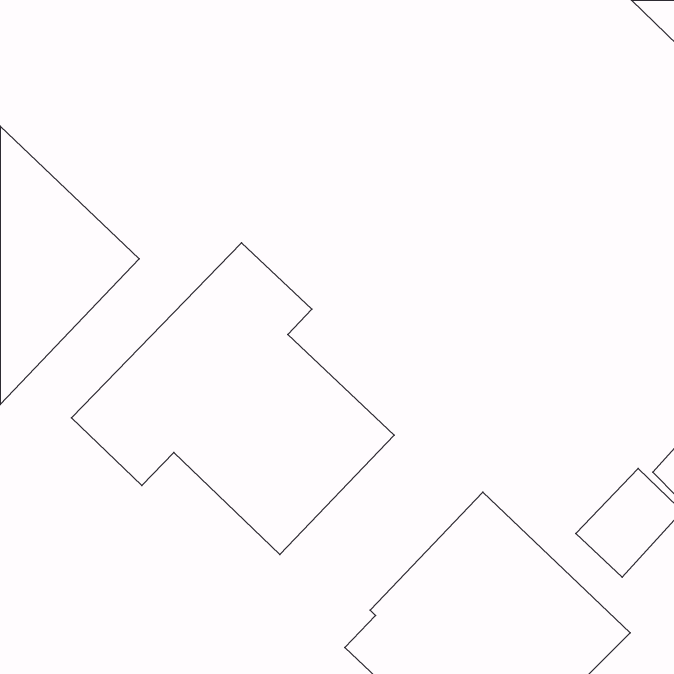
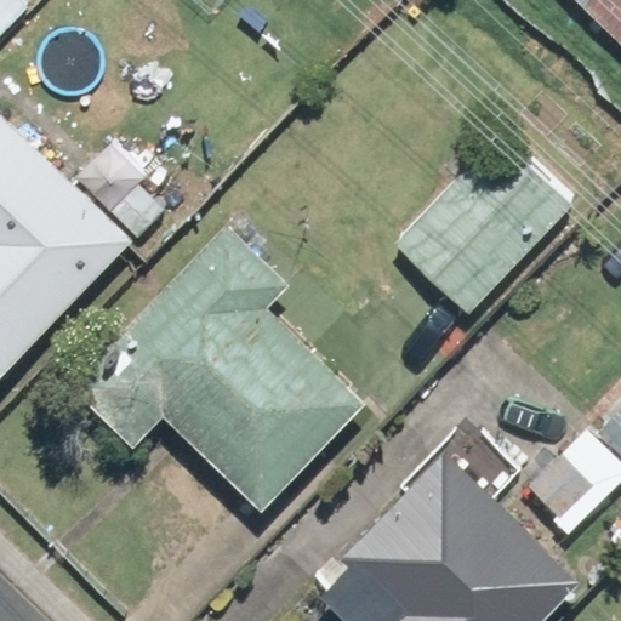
building: none -> [398,138,569,310]

